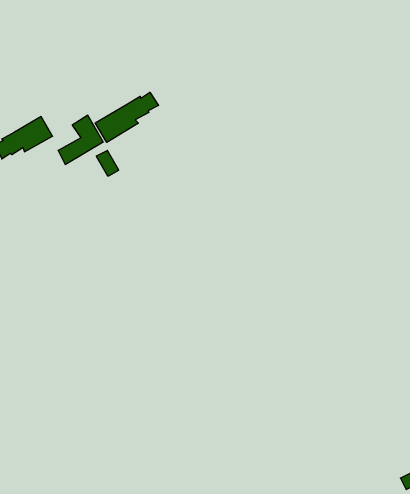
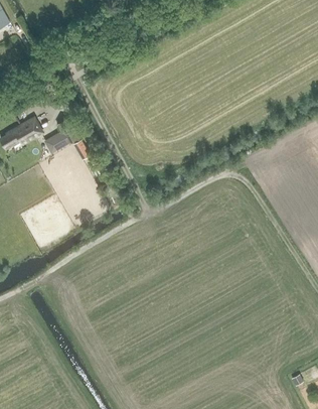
building: [95,92,159,142] -> none

